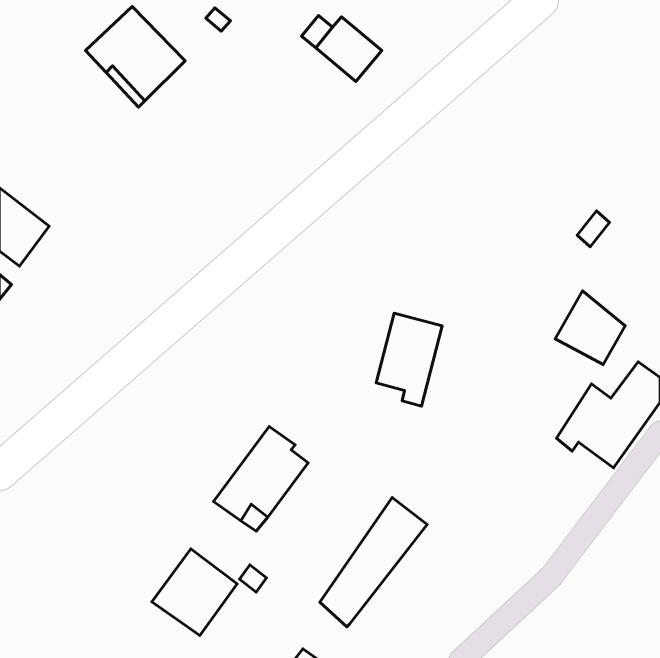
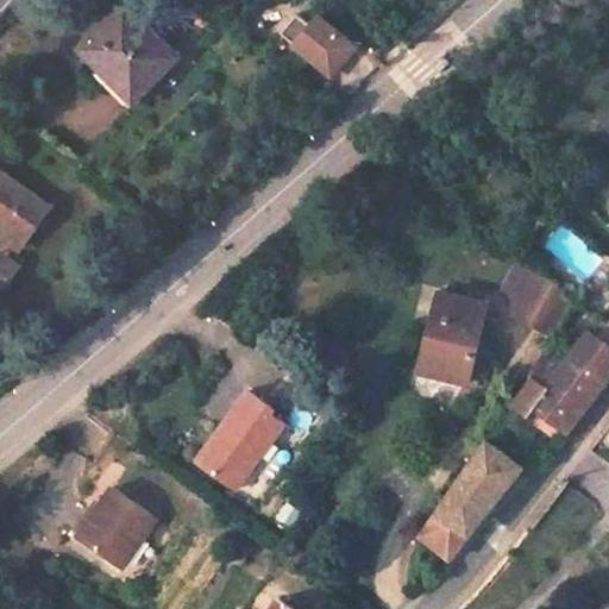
building: [376,313,442,406] -> [422,296,483,382]
building: [320,497,427,627] -> [421,442,520,561]
building: [152,549,237,636] -> [79,488,157,567]

